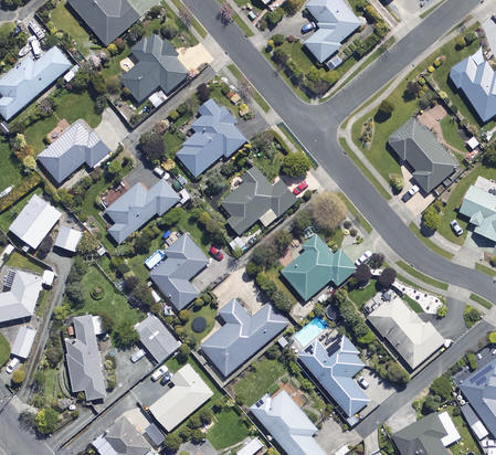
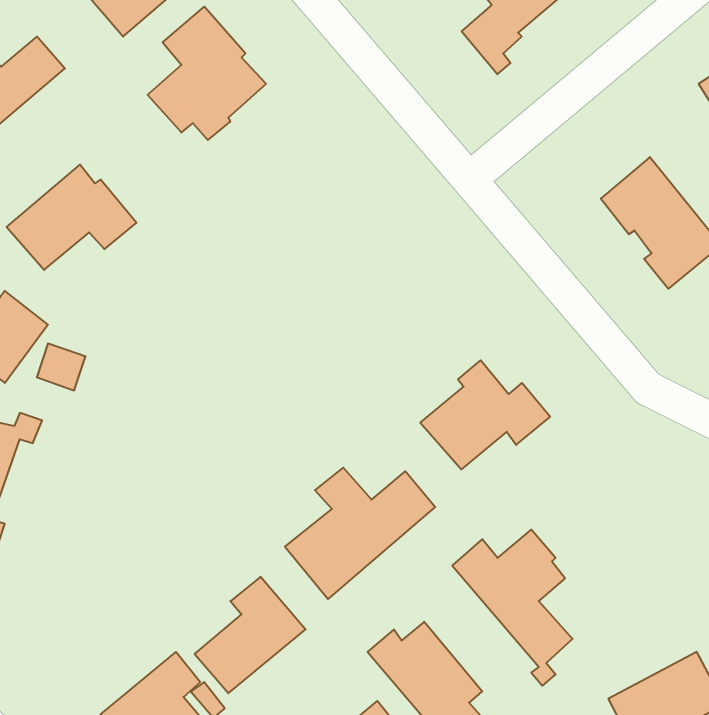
building: [175,95,246,177] -> none
building: [214,166,297,234] -> none
building: [105,178,180,244] -> none
building: [149,232,210,309] -> none
building: [368,294,444,369] -> none
building: [131,313,179,362] -> none
building: [65,314,105,400] -> none

